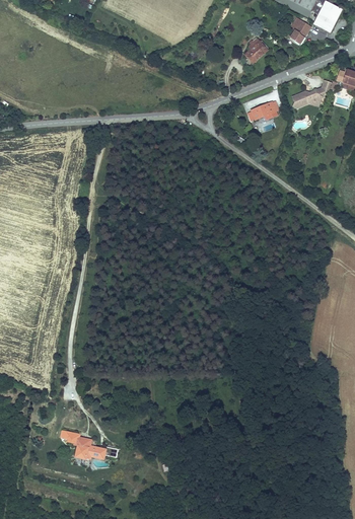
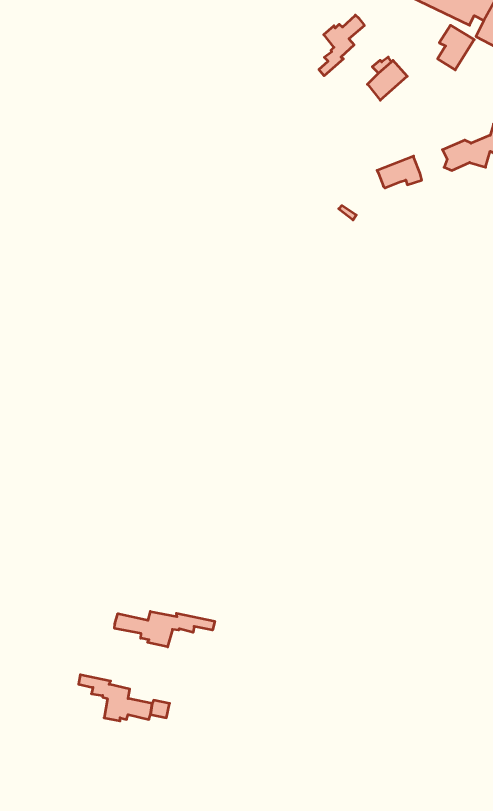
building: none -> [319,15,364,76]
building: none -> [115,611,215,647]

